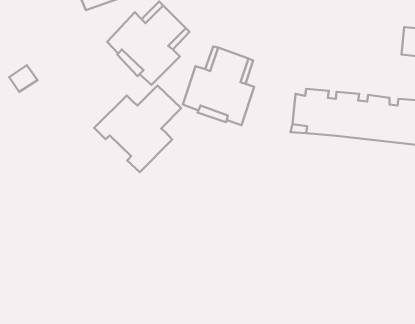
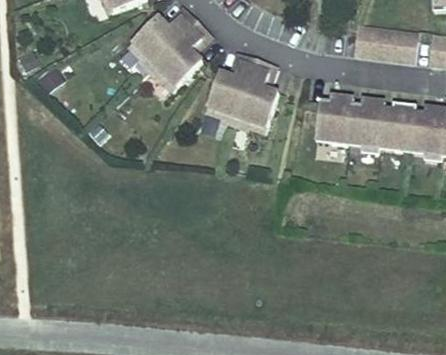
building: none -> [353,24,417,59]
building: [94,86,181,172] -> none

